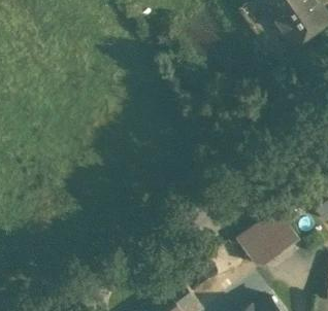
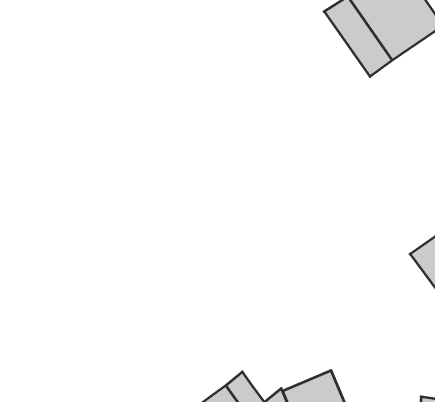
building: [235,209,298,266] -> none

